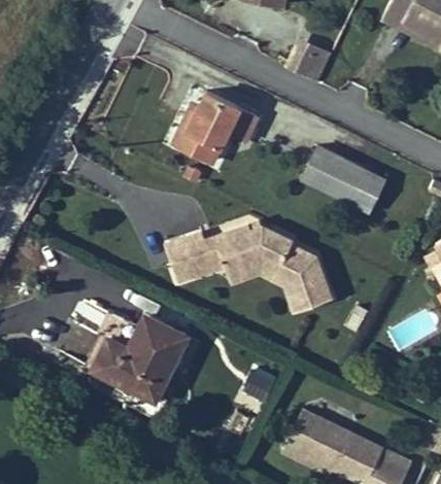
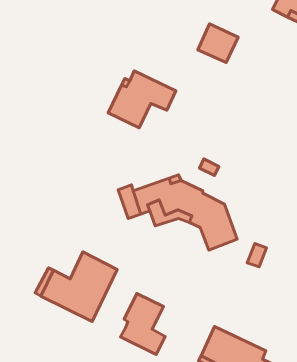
building: [301,147,382,213] -> none
building: [166,240,199,282] -> none
building: none -> [120,293,165,355]

